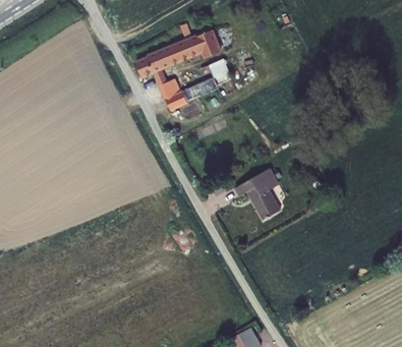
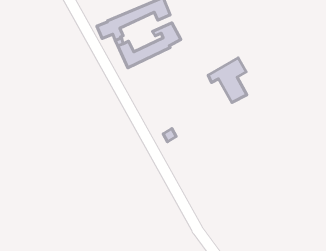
building: [235,168,280,220] -> [208,58,247,103]

